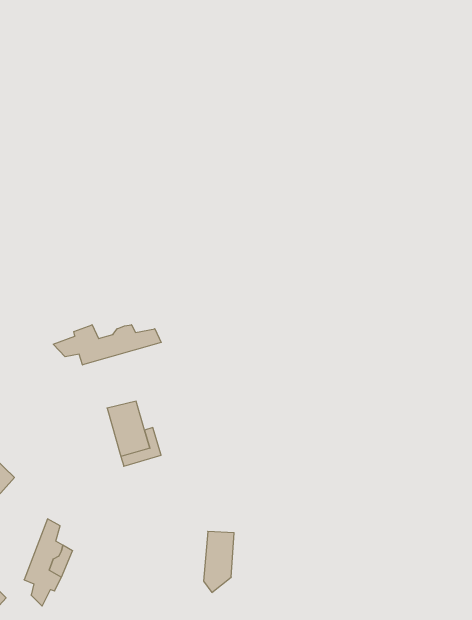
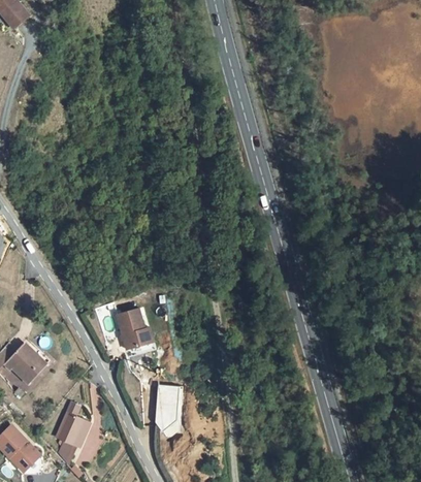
building: [53,325,161,365] -> none
building: [204,531,234,592] -> [156,386,179,431]

